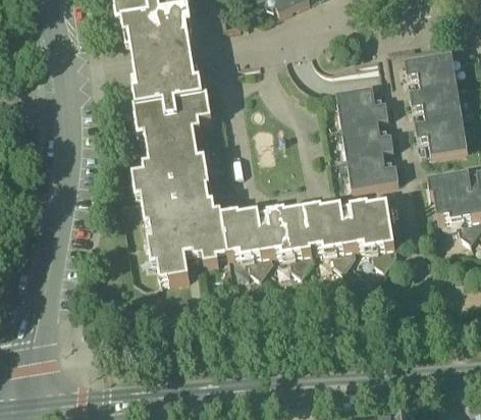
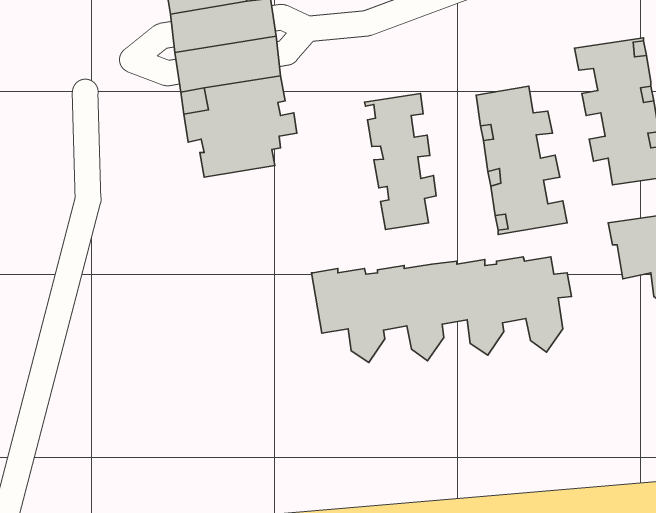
building: none -> [364,94,436,229]
building: [130,139,228,278] -> none

